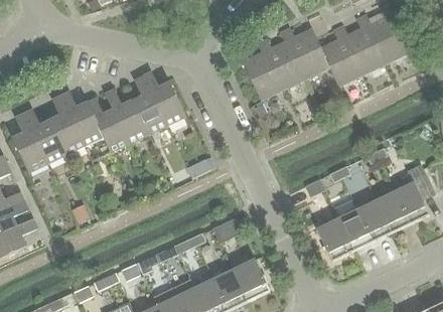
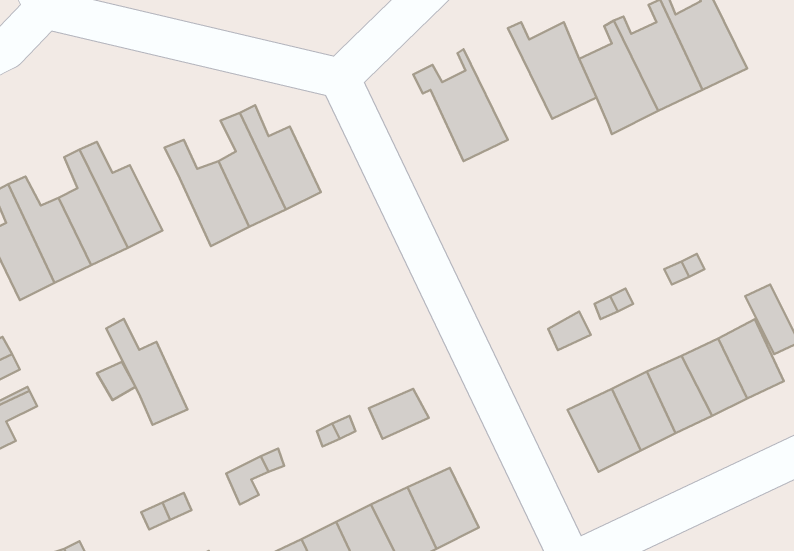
building: [261,29,307,88] -> none
building: [87,96,129,151] -> [106,319,187,425]

